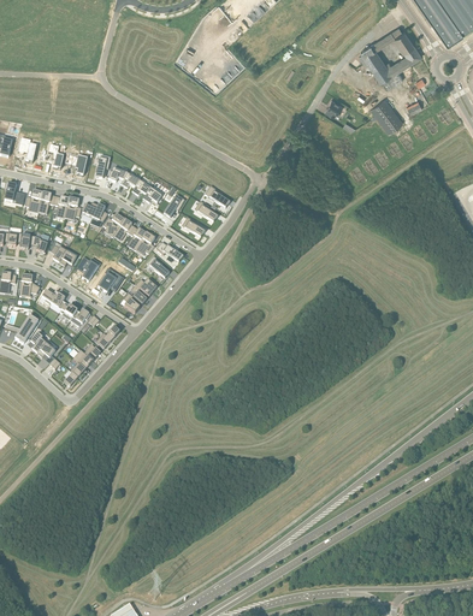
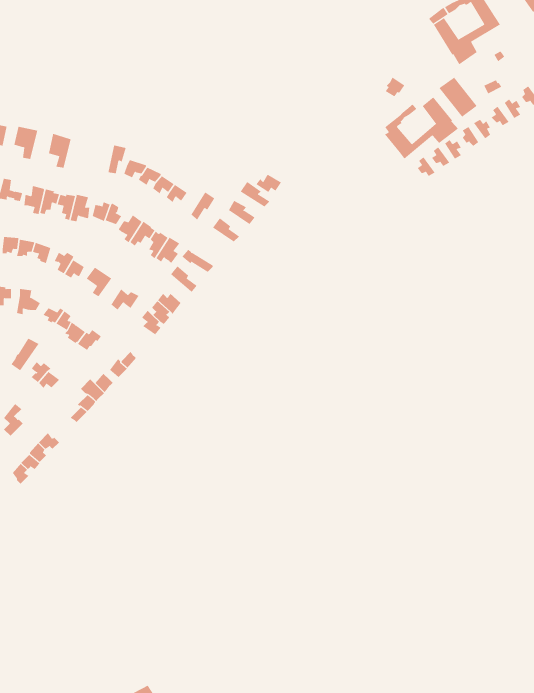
building: none -> [384,96,459,160]

